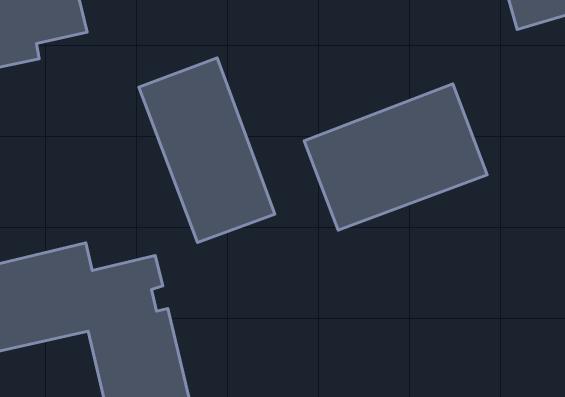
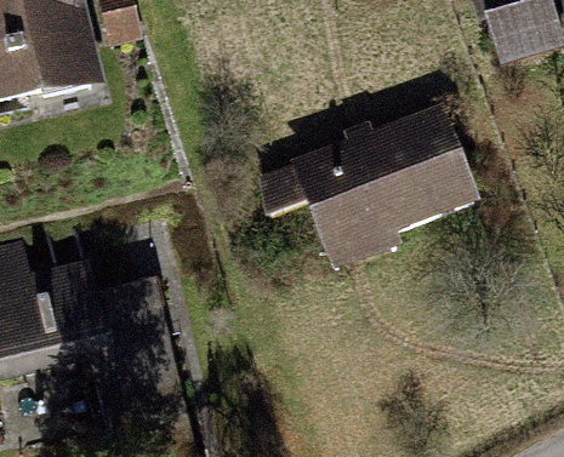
building: [139,58,275,243] -> none

